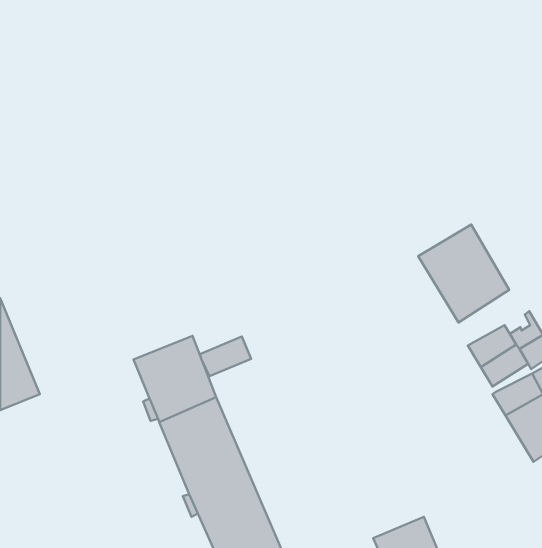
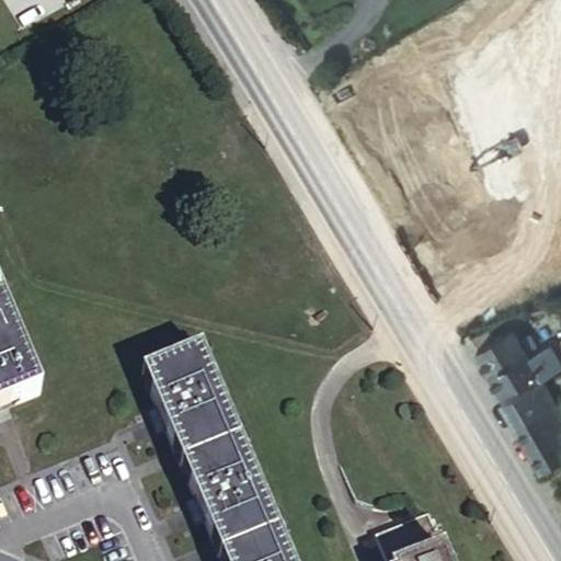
building: [418,224,509,322] -> none
building: [200,337,251,376] -> none

